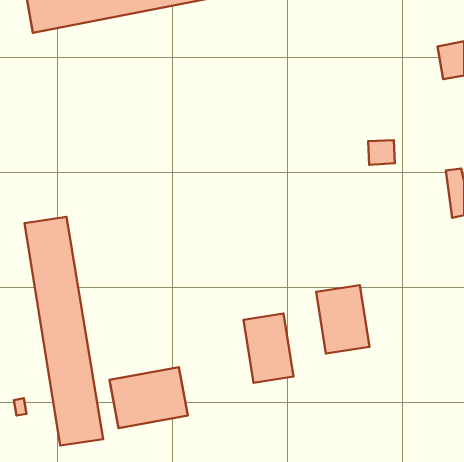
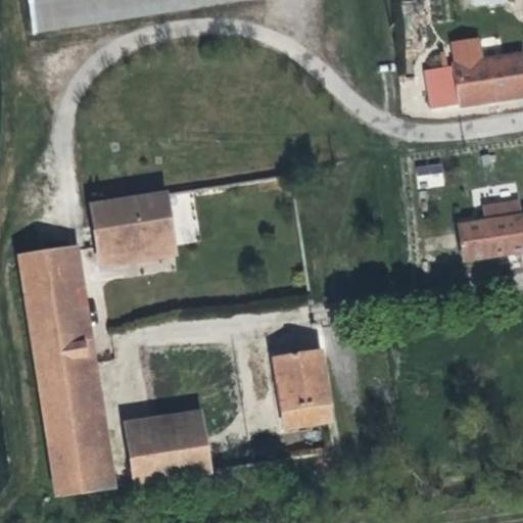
building: none -> [439,52,496,98]
building: none -> [99,189,178,258]
building: none -> [455,191,507,252]
building: [316,285,370,353] -> none

